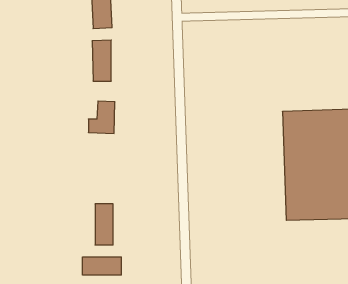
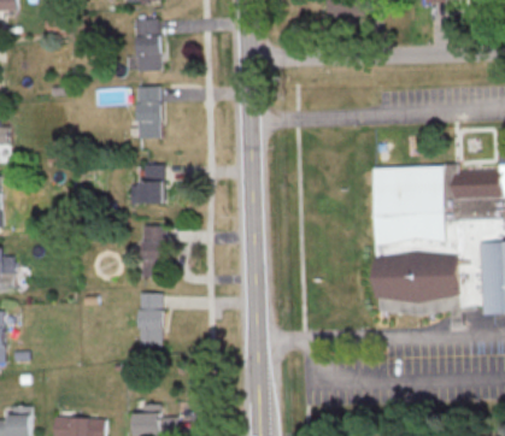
building: none -> [141,225,165,278]
building: [83,257,121,275] -> none

